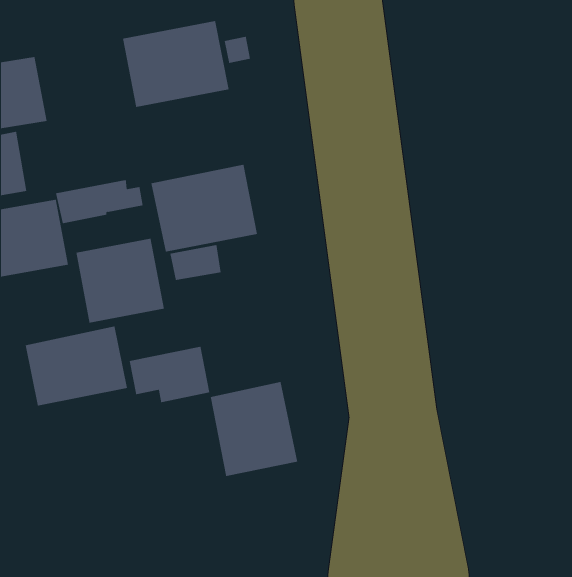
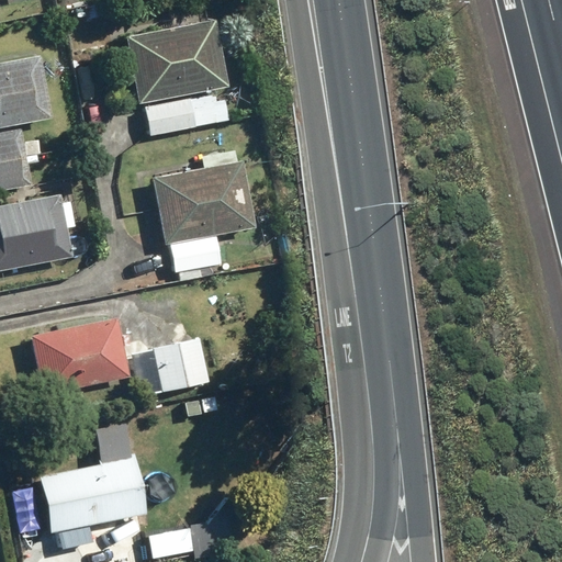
building: [55,180,143,224] -> [144,93,229,136]
building: [76,238,164,324] -> none
building: [210,381,298,477] -> none
building: none -> [38,426,146,530]

